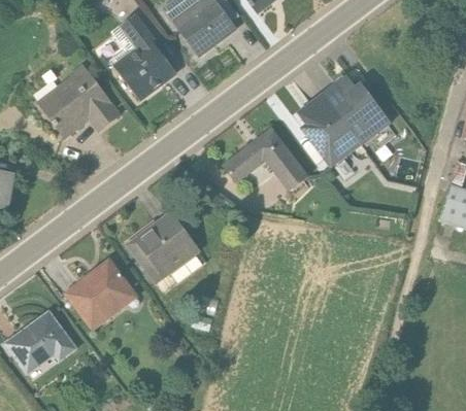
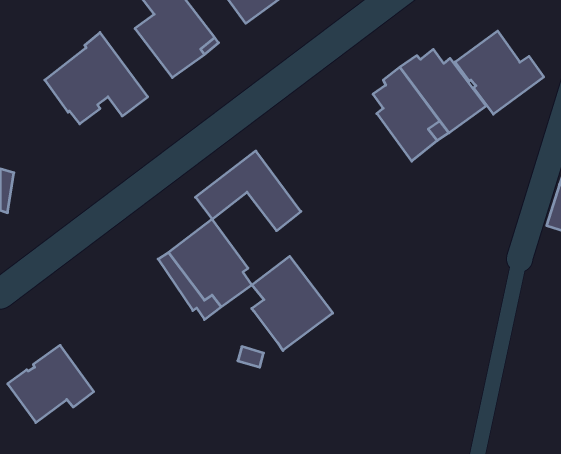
building: none -> [455,31,544,114]
building: [224,128,308,192] -> [195,151,301,231]
building: none -> [252,256,333,351]
building: [67,264,137,330] -> none

